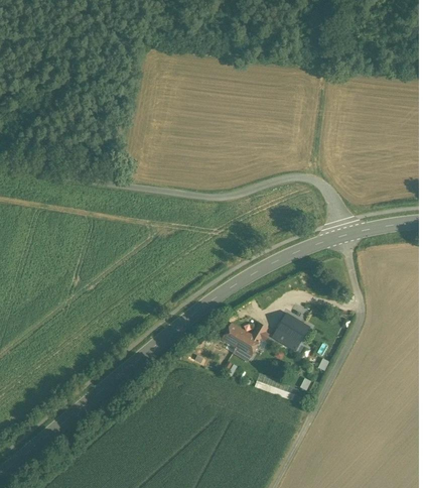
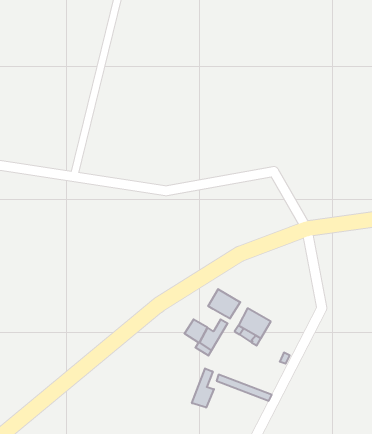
building: none -> [208,289,240,319]
building: none -> [192,368,214,408]

